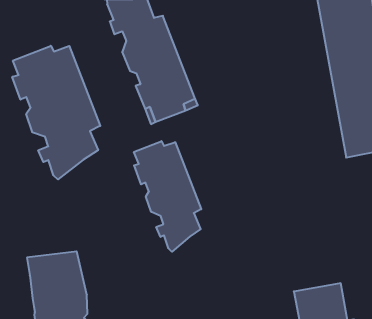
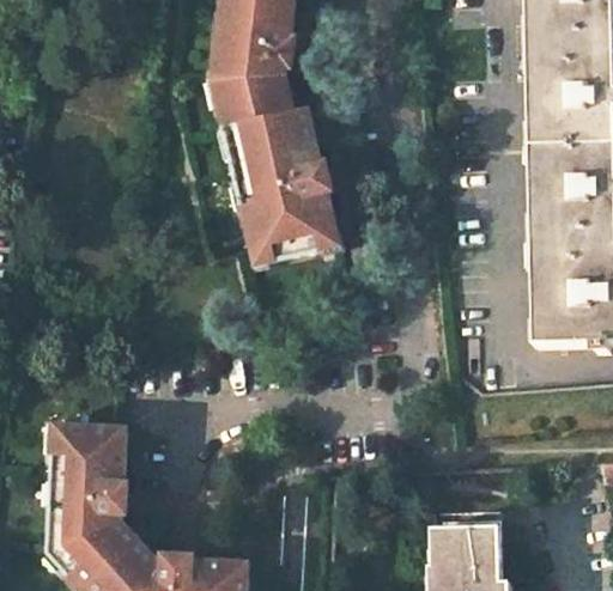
building: [12,46,100,179] -> none
building: [134,141,201,252] -> none

